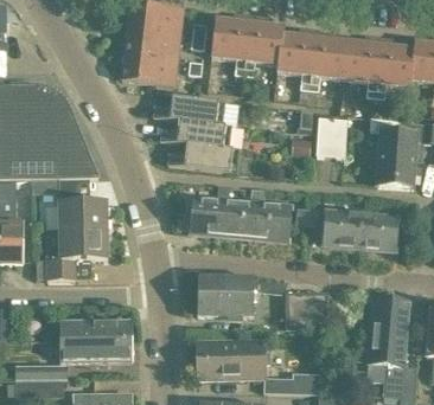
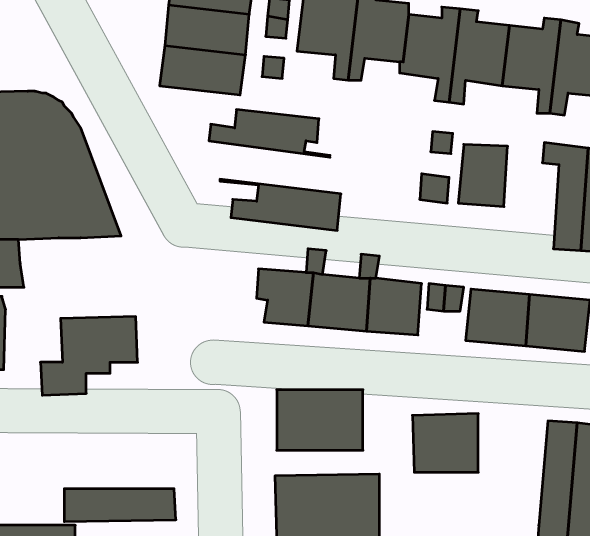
building: [153,115,238,149] -> none
building: [30,178,106,230] -> none
building: [59,319,130,340] -> none

